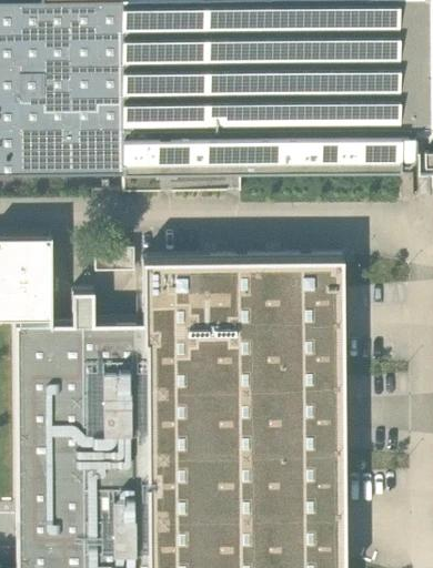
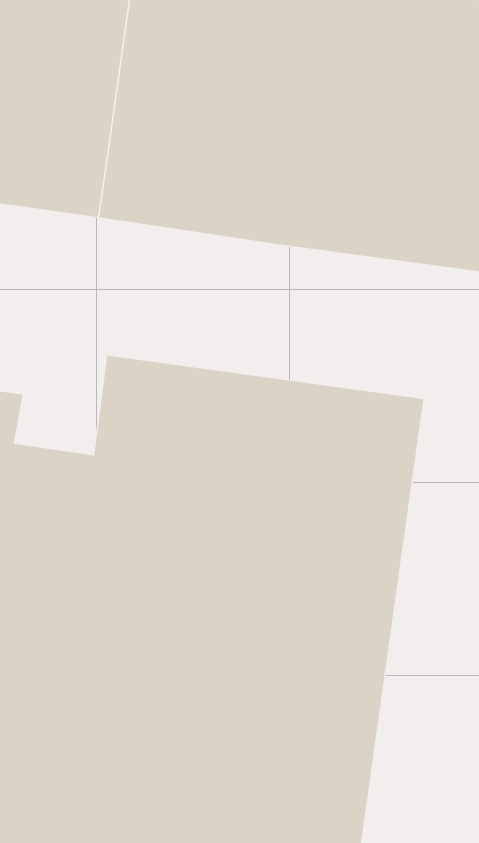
building: [124,171,241,192] -> none

